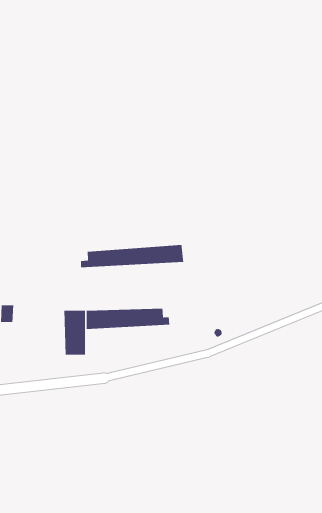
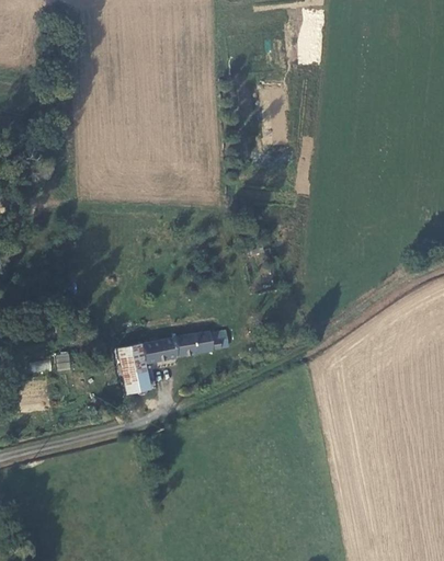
building: [80,244,184,268] -> none

